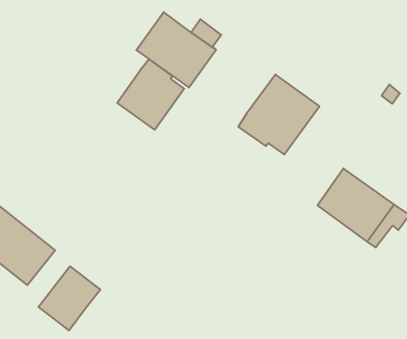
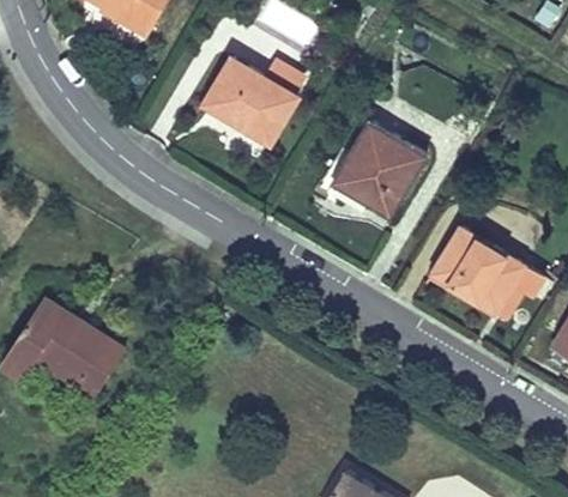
building: [117,59,184,130] -> none
building: [38,266,100,330] -> none

